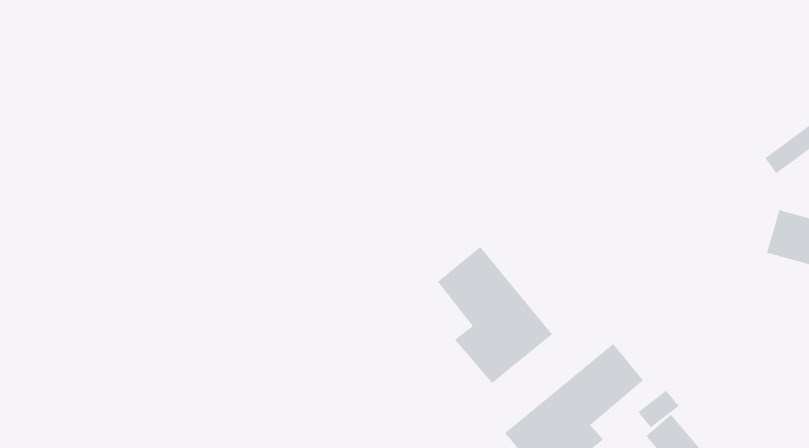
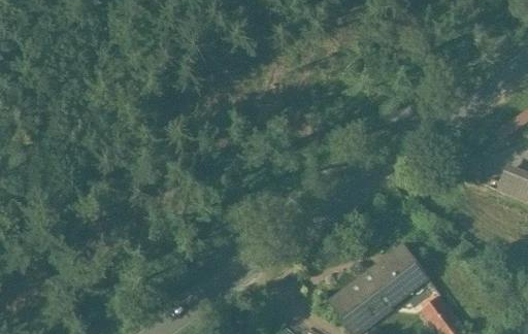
building: [437,246,553,384] -> none

